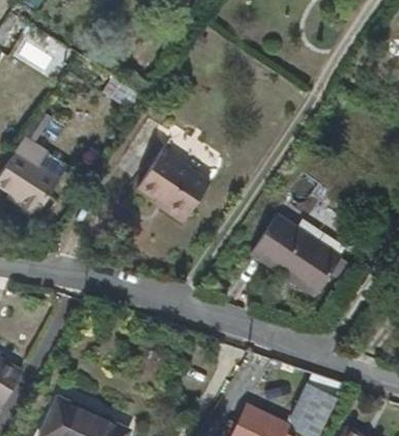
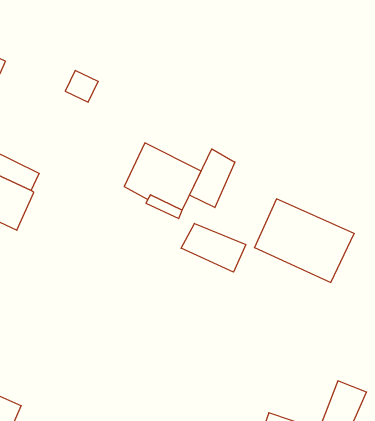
building: none -> [189,149,235,208]
building: none -> [181,223,246,272]

